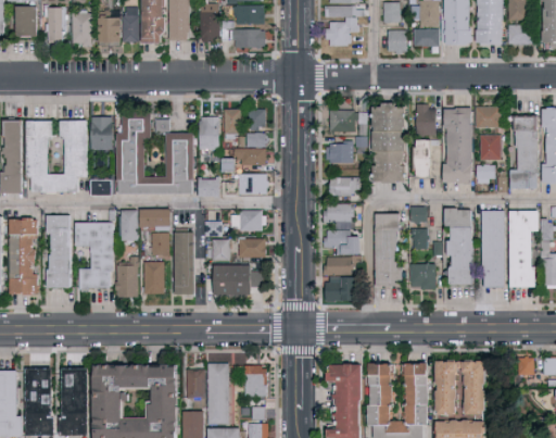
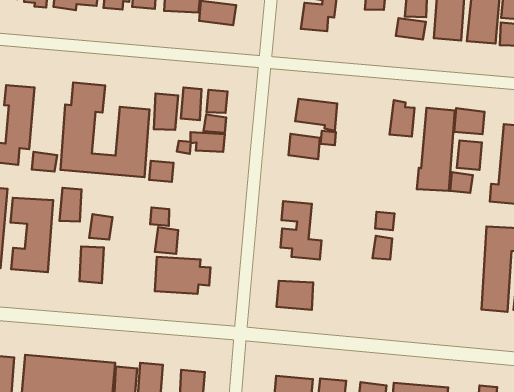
building: [387,29,406,53] -> none
building: [374,102,405,182] -> none
building: [89,116,112,150] -> none
building: [413,139,433,176] -> none
building: [237,173,266,195] -> none
building: [328,177,355,196] -> none
building: [140,209,173,226] -> none
building: [446,209,472,285] -> none
building: [229,210,262,230] -> none
building: [483,210,507,287] -> none
building: [376,213,403,286] -> none
building: [174,231,195,295] -> none
building: [238,238,265,258] -> none
building: [115,255,138,297] -> none
building: [323,256,351,275] -> none
building: [408,263,433,288] -> none

